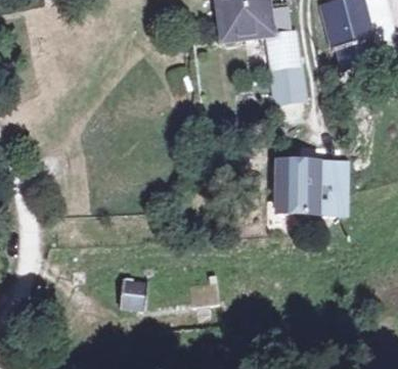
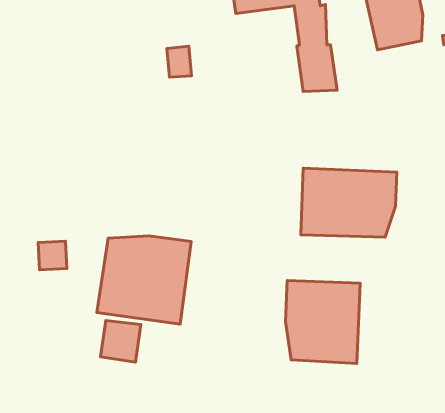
building: none -> [97,236,191,324]
building: none -> [285,280,360,363]

